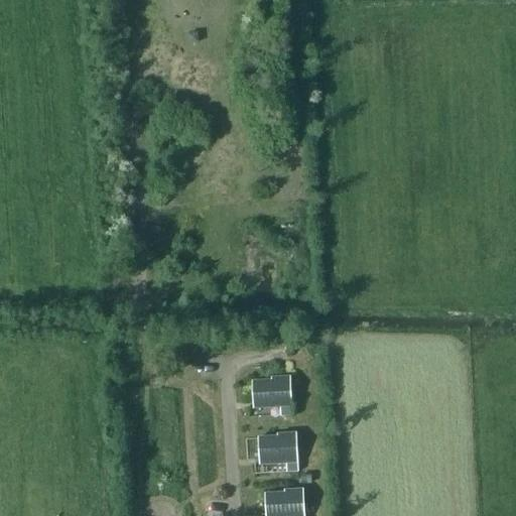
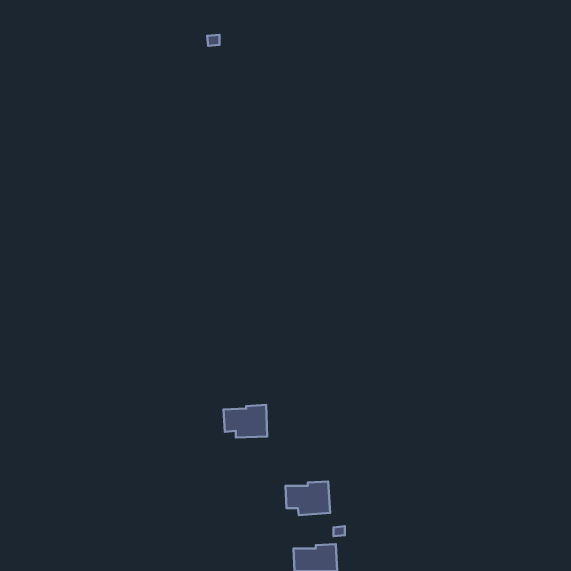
building: [252,378,291,407] -> [224,405,267,437]

